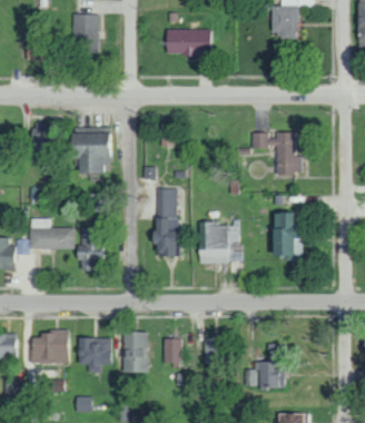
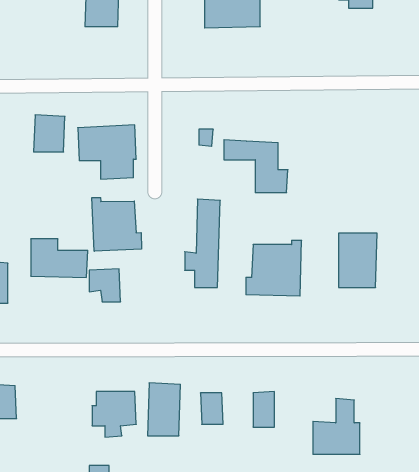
building: [251,132,302,174] -> [224,140,288,193]
building: none -> [92,198,141,251]
building: [30,332,67,364] -> none

